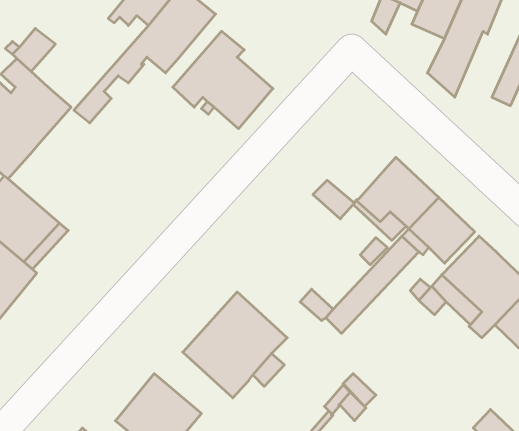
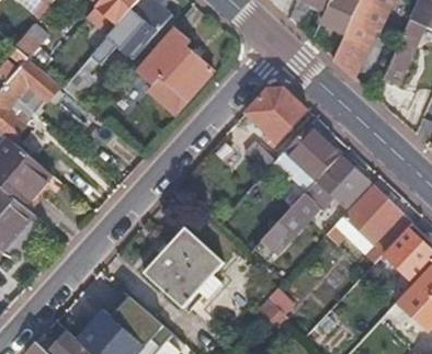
building: none -> [245,87,306,146]

